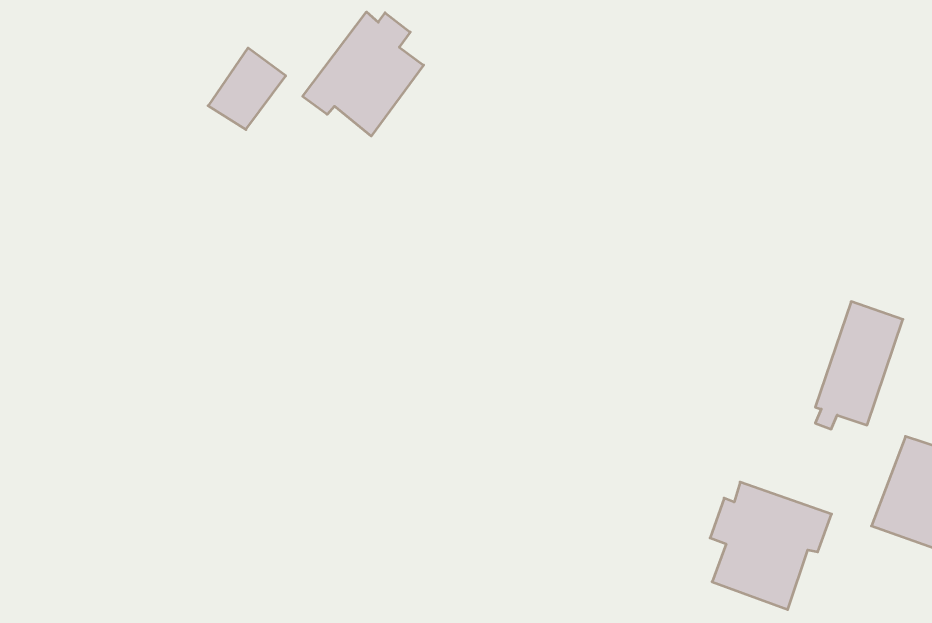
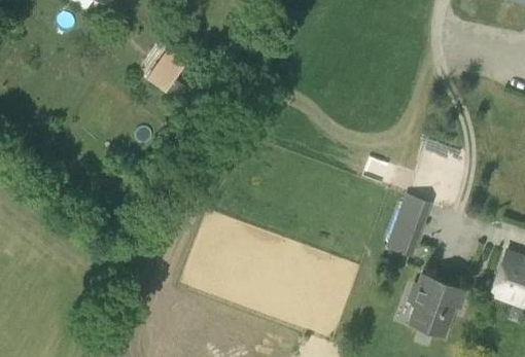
building: [303,12,424,136] -> none
building: [815,302,903,429] -> [386,191,431,257]

